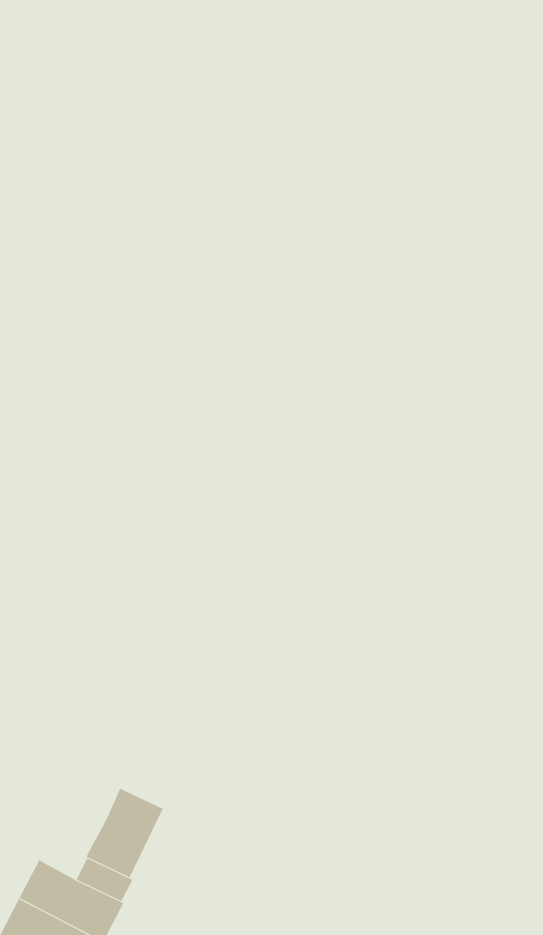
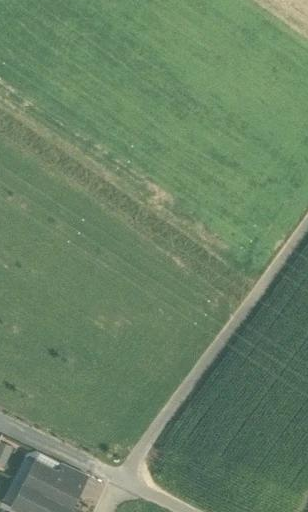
building: [86,788,163,878] -> none

